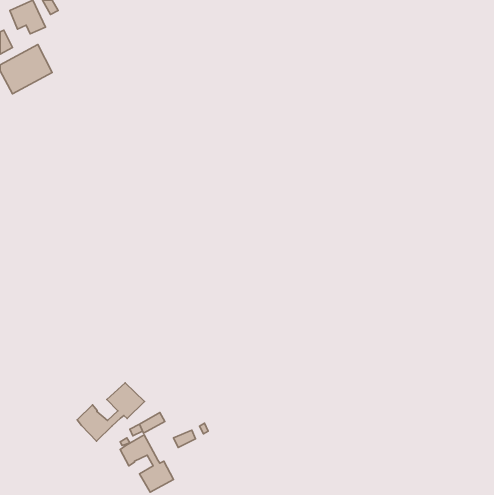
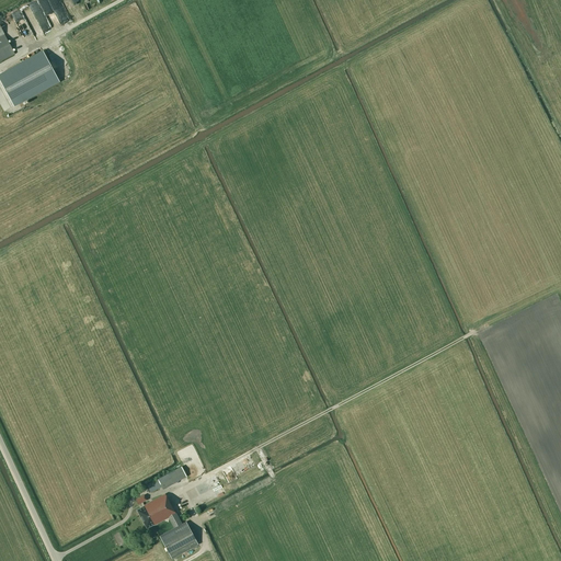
building: [77,383,144,441] -> none

